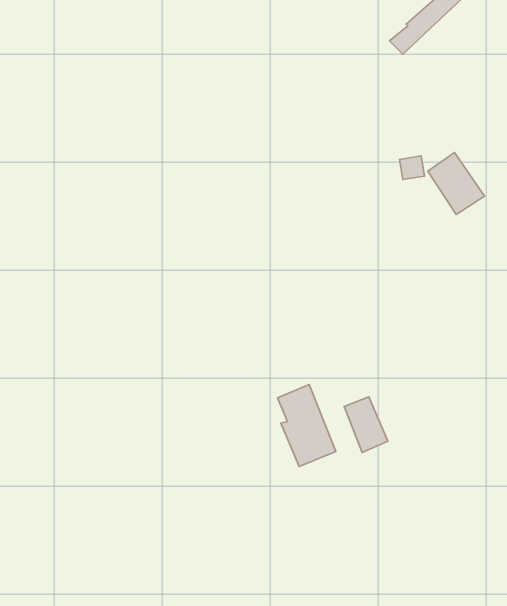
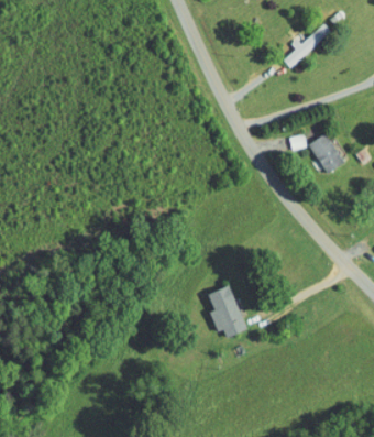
building: [344,397,388,452] -> none

